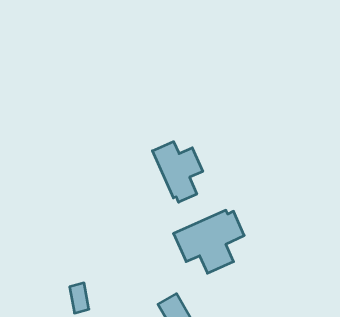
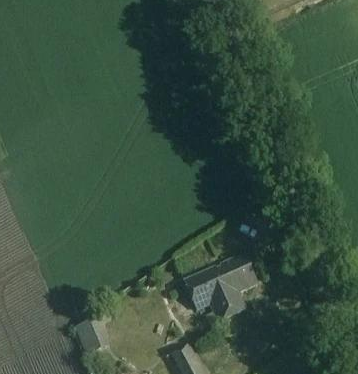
building: [152,142,203,202] -> none

